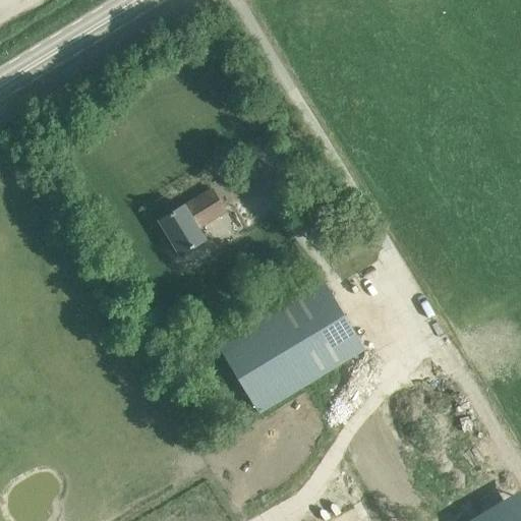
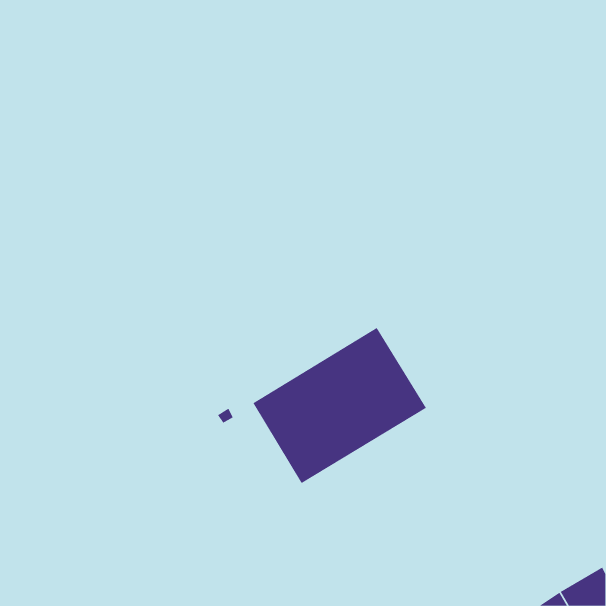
building: [160,190,227,255] -> none

